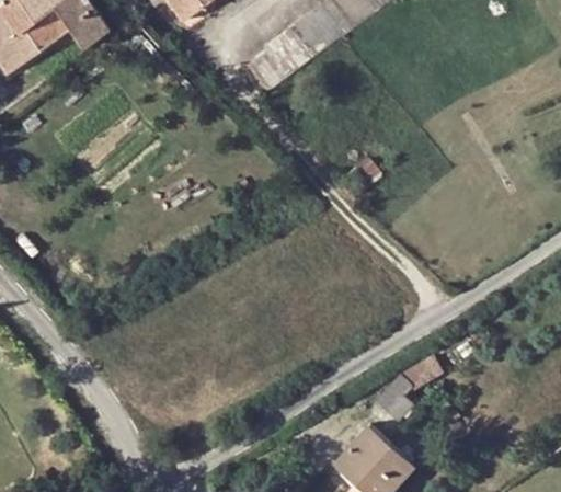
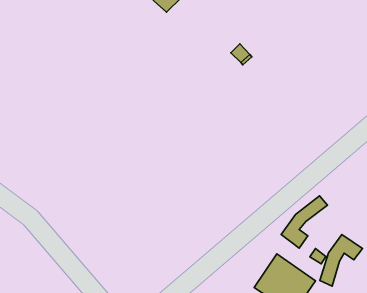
building: none -> [320,234,362,286]

